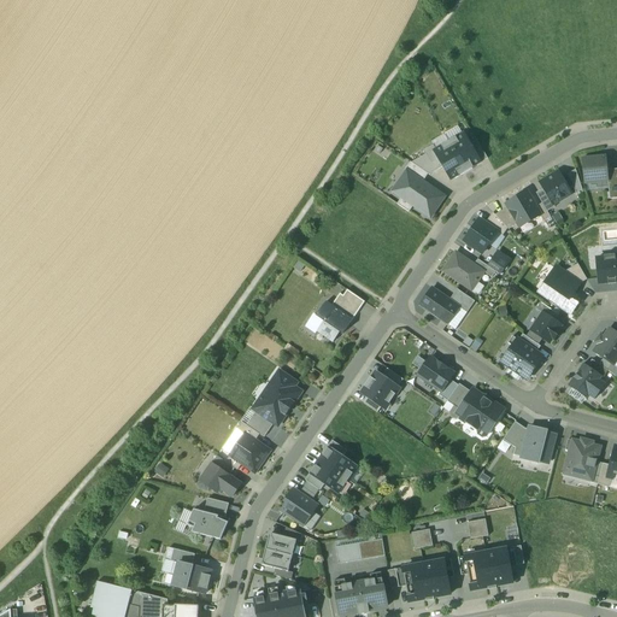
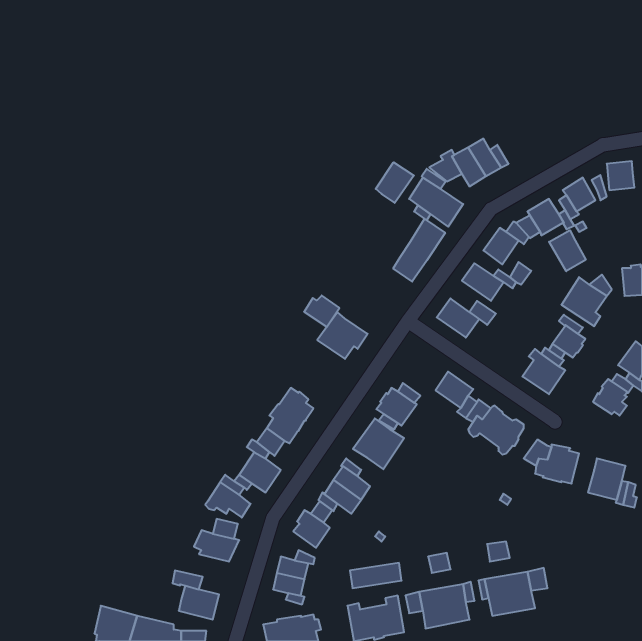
building: none -> [376,162,414,203]
building: none -> [393,219,445,282]
building: none -> [549,230,586,271]
building: [330,289,364,319] -> [304,295,339,327]
building: none -> [353,418,404,469]

